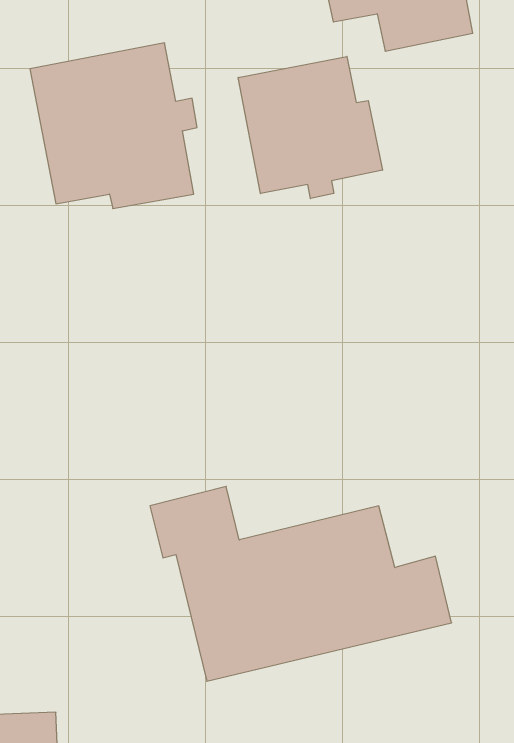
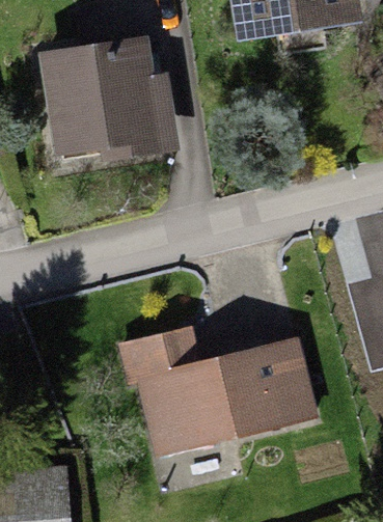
building: [238,56,382,199] -> none

